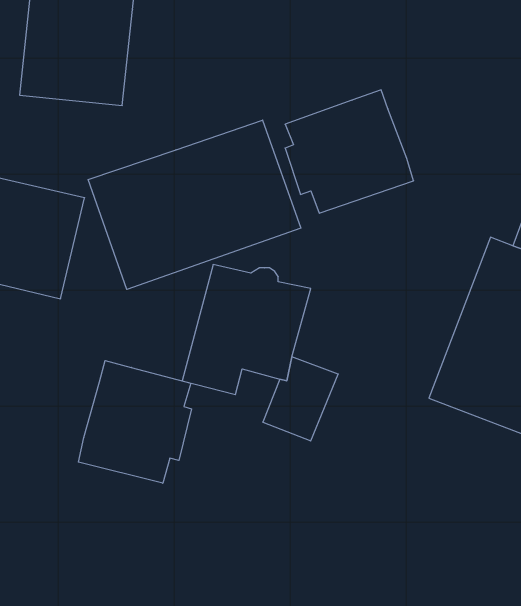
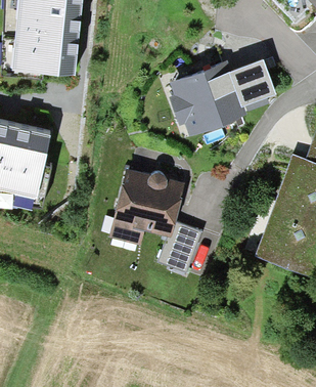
building: none -> [232,66,276,116]
building: [88,120,301,289] -> none
building: [78,361,192,483] -> none

